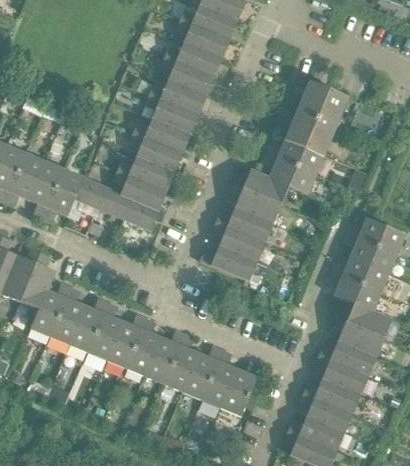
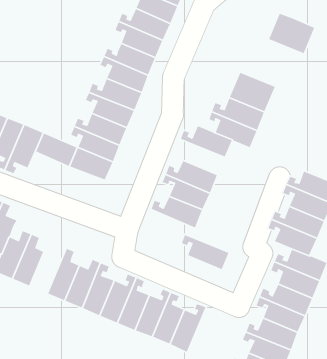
building: [297,82,348,127] -> [268,13,315,54]
building: [228,184,281,223] -> [181,234,230,270]
building: [69,298,109,352] -> none

